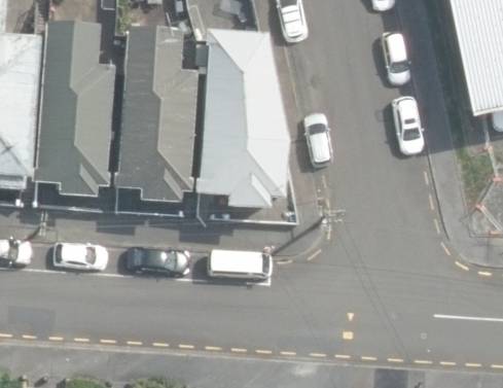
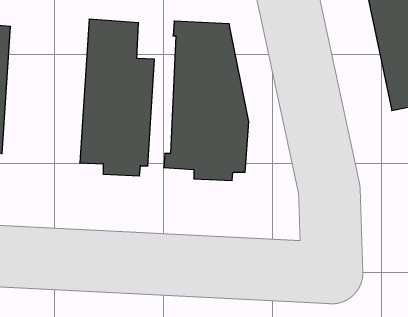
building: [35,22,114,195] -> none

